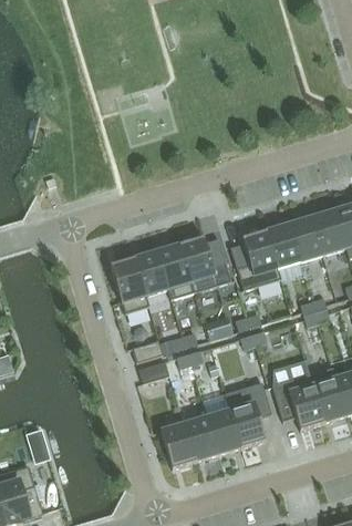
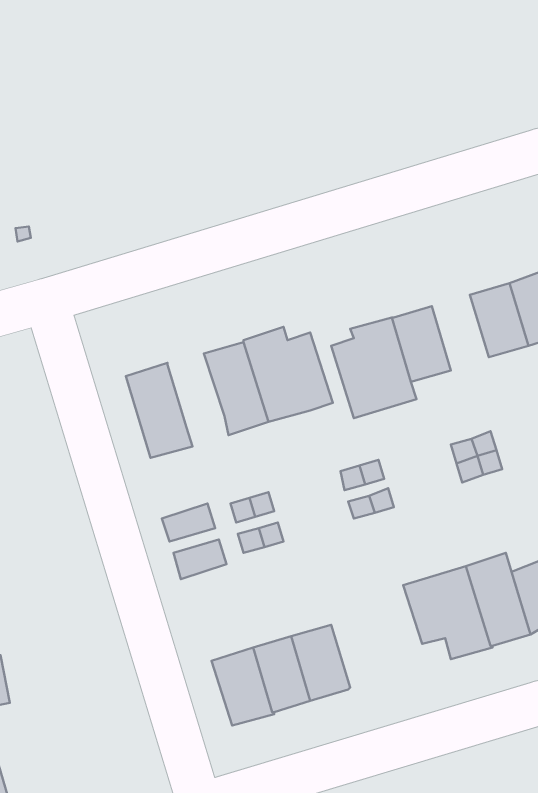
building: [289,217,322,261] -> none
building: [135,251,168,295] -> none
building: [226,382,271,447] -> none

